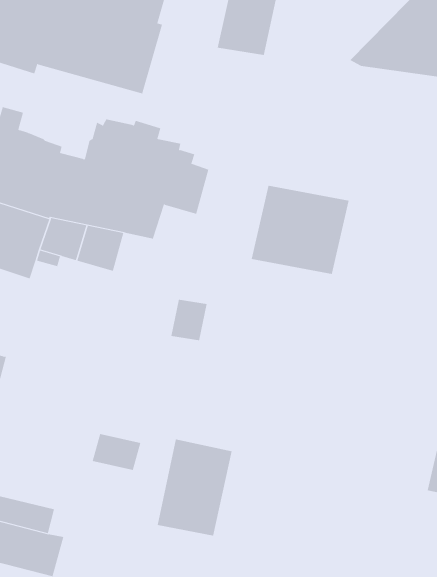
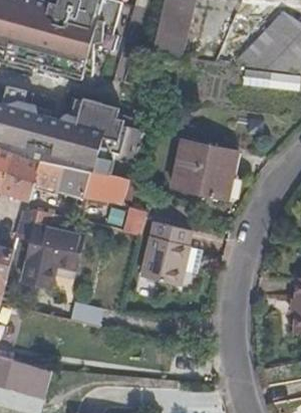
building: none -> [84,170,129,201]
building: none -> [16,208,88,287]
building: [157,439,232,536] -> [140,220,190,283]

